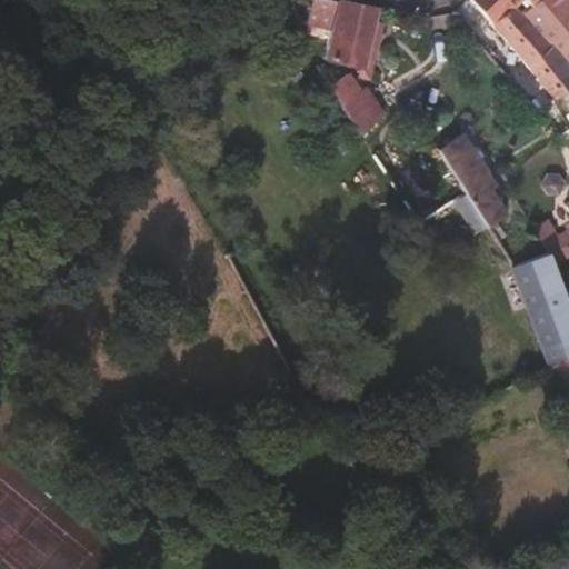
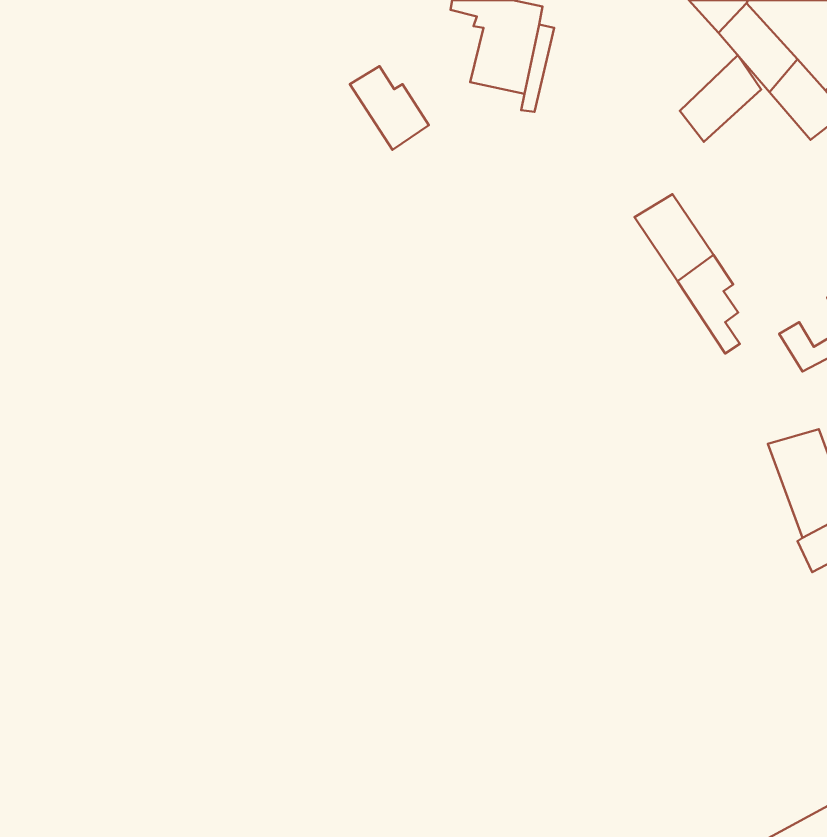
building: none -> [680,55,761,142]
building: [331,73,385,130] -> [350,66,429,150]
building: [515,256,562,302] -> none

